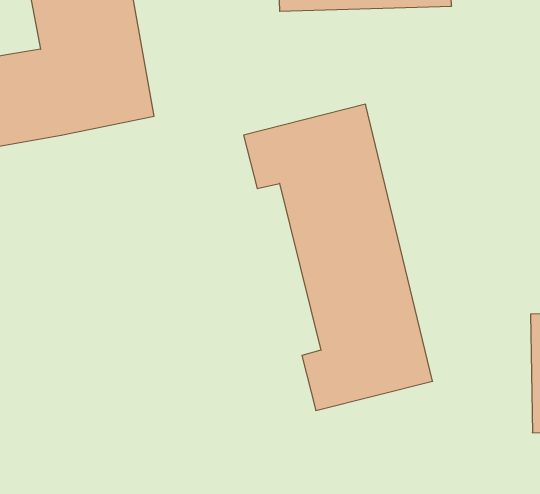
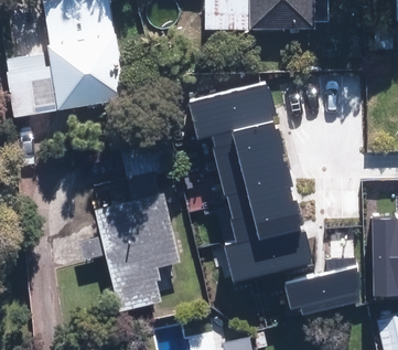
building: none -> [99,192,181,305]
building: none -> [282,271,354,316]

